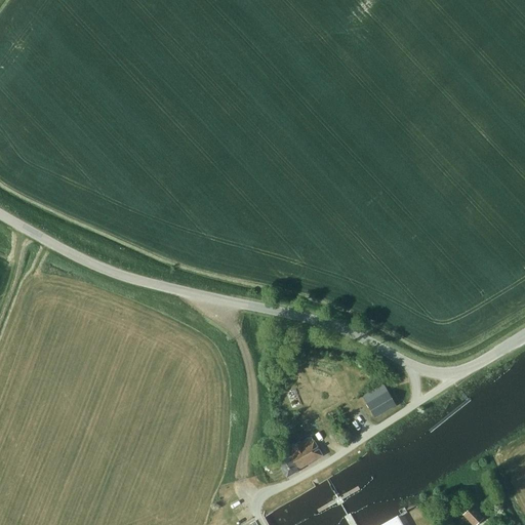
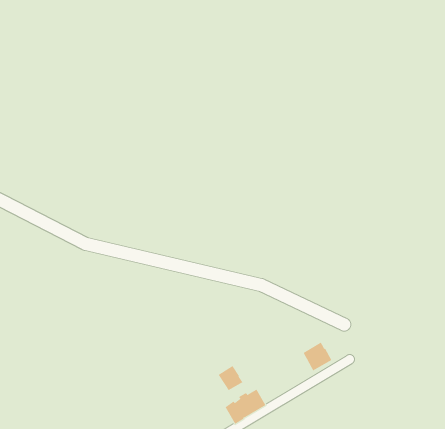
building: none -> [218,365,243,391]

